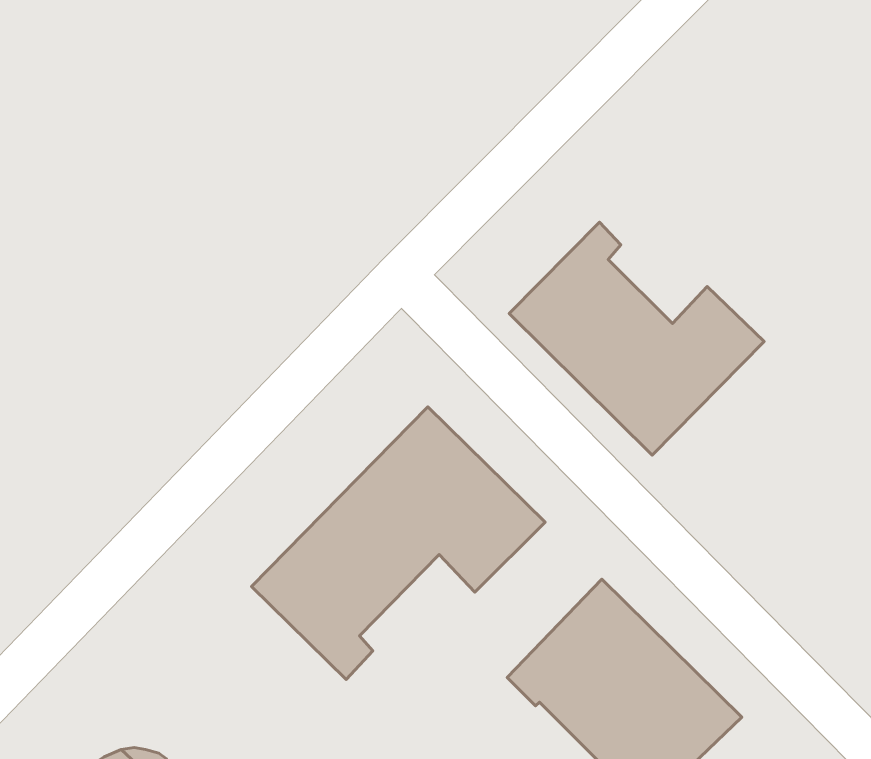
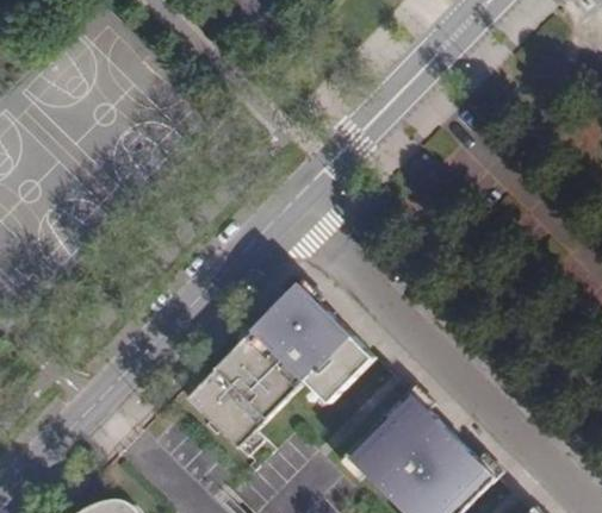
building: [509,222,764,455] -> none

